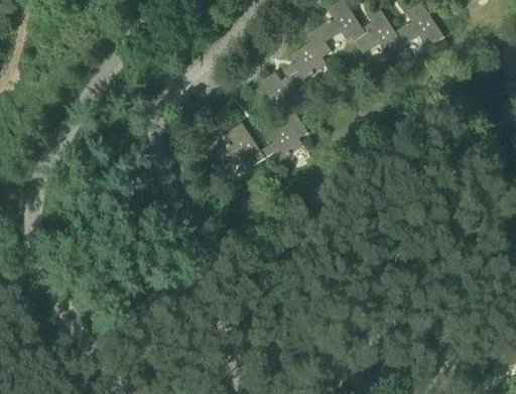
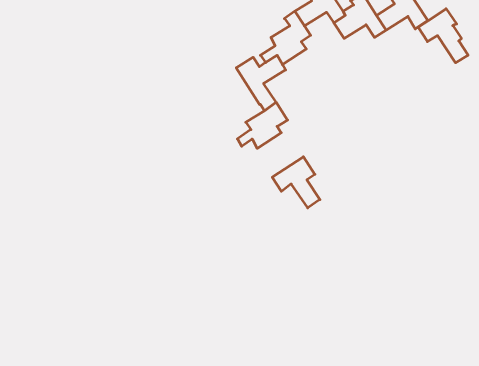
building: none -> [418,9,468,63]
building: [215,122,264,166] -> none
building: none -> [272,157,320,208]

